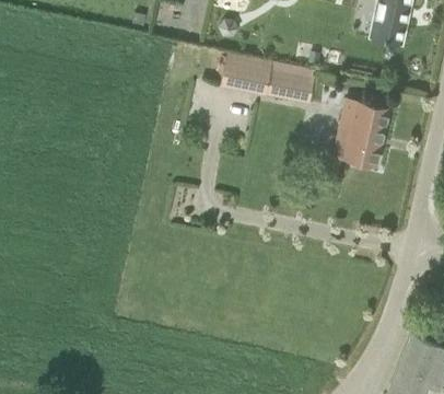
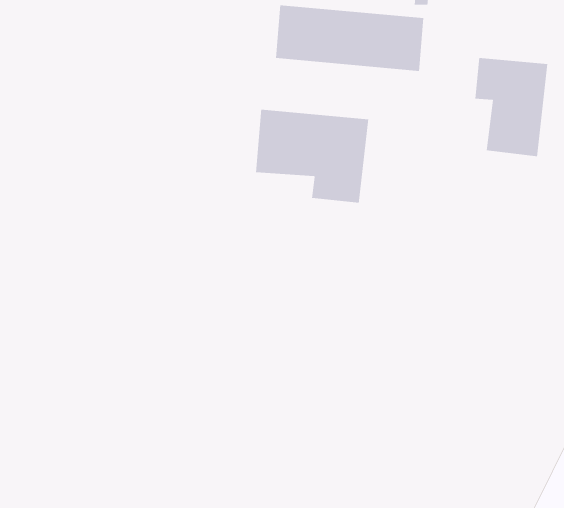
building: none -> [256,109,369,204]

